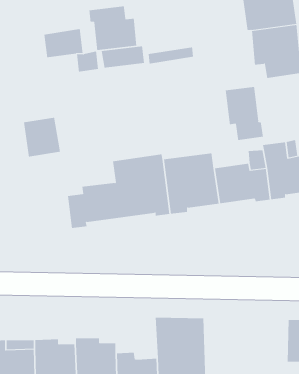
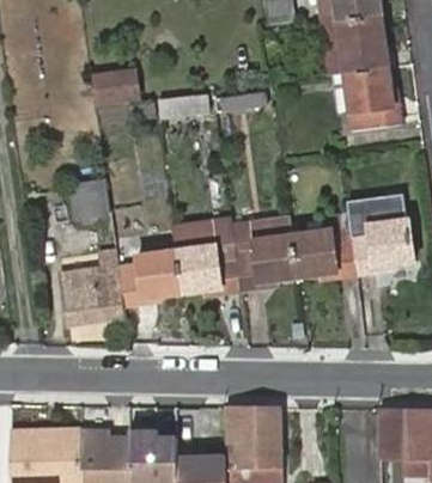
building: [89,5,137,51] -> none
building: [225,86,263,141] -> none
building: none -> [62,251,126,328]

